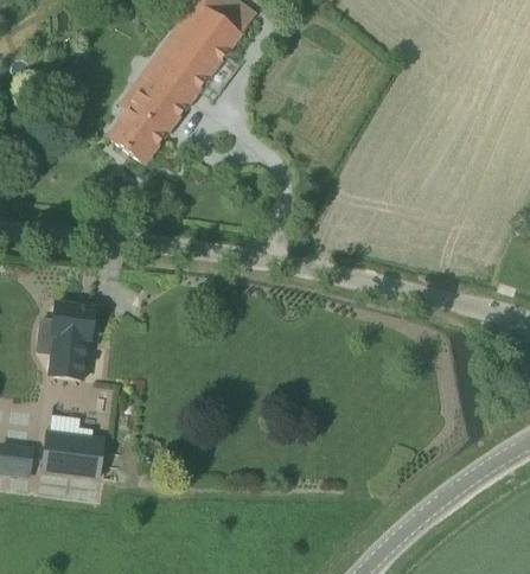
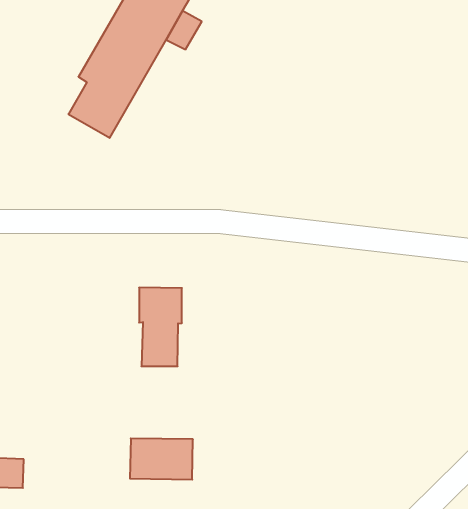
building: [49,305,94,381] -> [139,288,182,366]
building: [41,434,103,478] -> [130,438,193,480]

